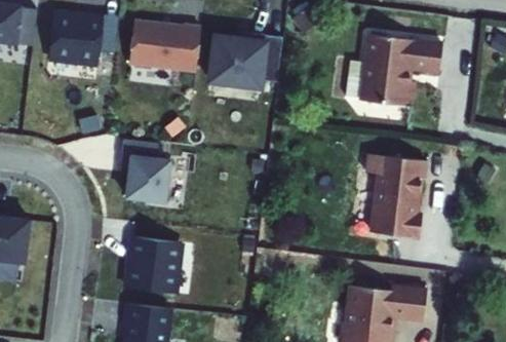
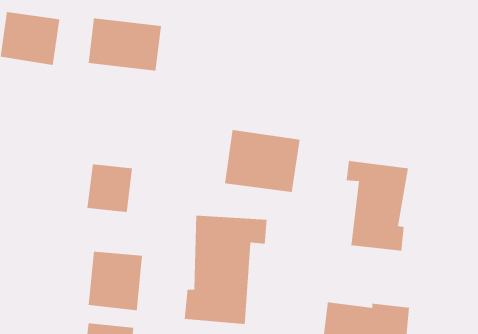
building: [213,30,284,88] -> [224,129,300,192]
building: [363,32,445,104] -> none
building: none -> [184,215,267,325]

